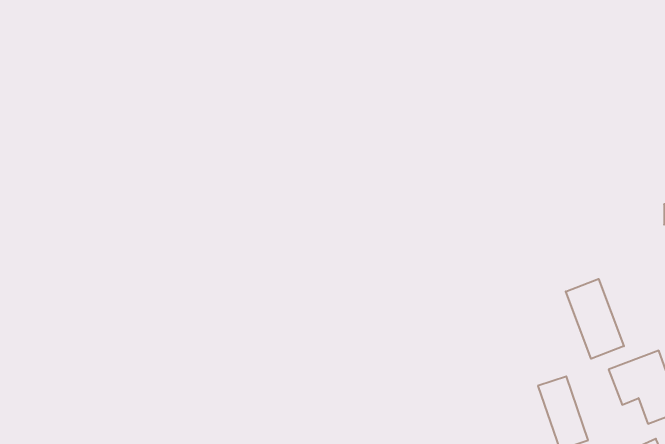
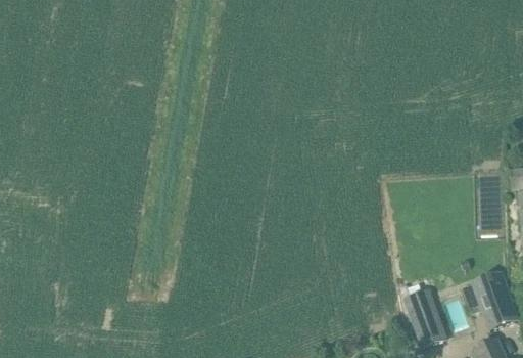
building: [566,279,624,359] -> none

